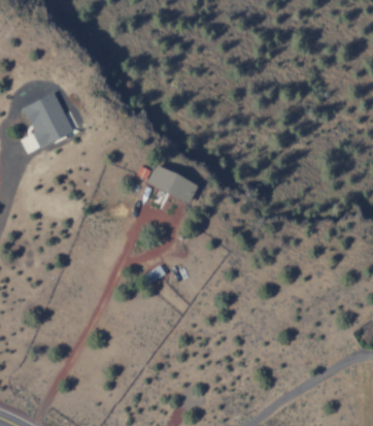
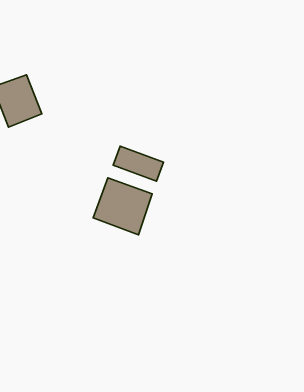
building: none -> [93,178,152,235]

